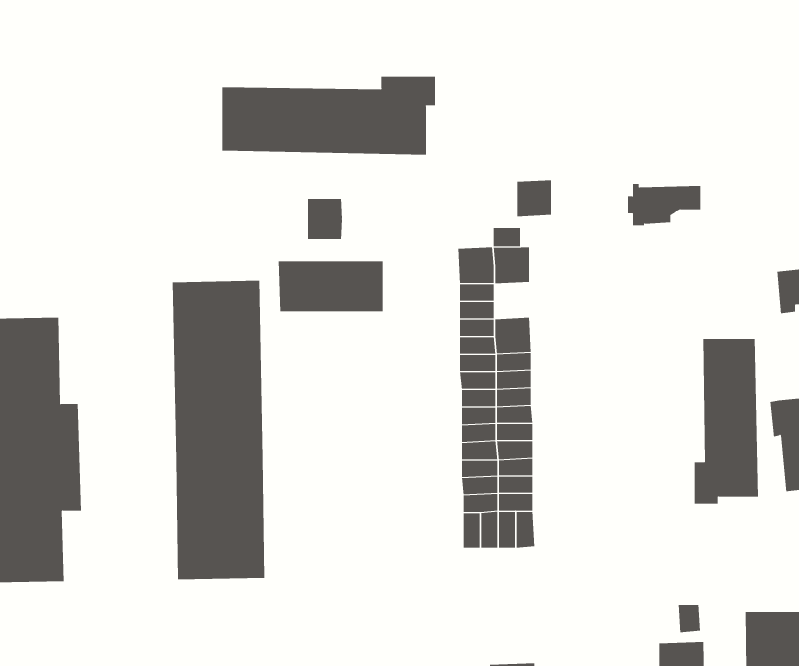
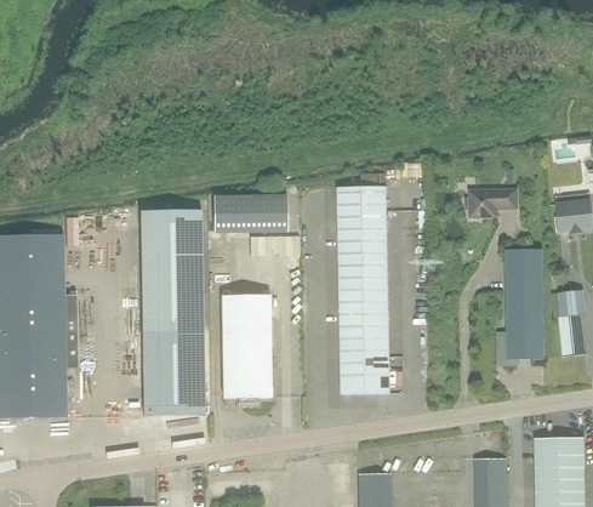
building: [222,76,435,156] -> none
building: [517,180,552,217] -> [363,211,387,237]
building: [627,184,701,226] -> [466,189,517,218]
building: [307,198,342,240] -> none
building: none -> [222,295,272,404]

